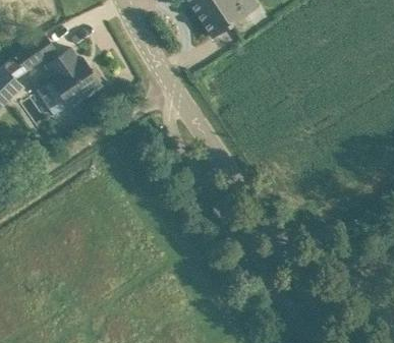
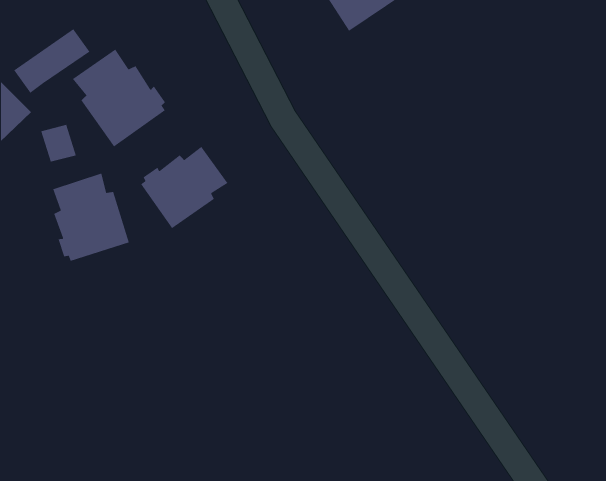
building: none -> [140,146,229,229]
building: none -> [52,172,130,262]

